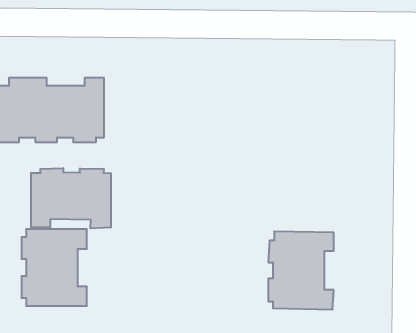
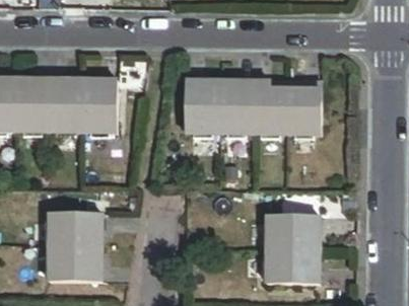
building: none -> [185,79,323,138]
building: [31,168,111,228] -> none

